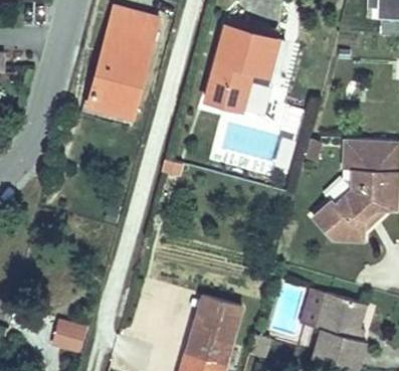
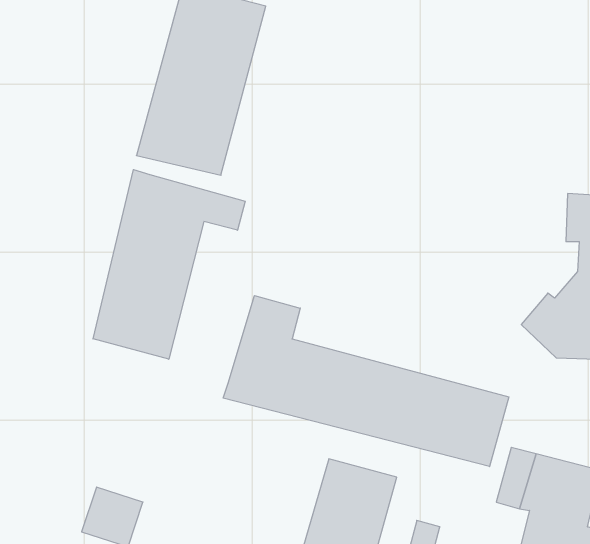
building: [205,27,276,110] -> none
building: none -> [93,170,245,359]
building: none -> [223,296,509,467]

